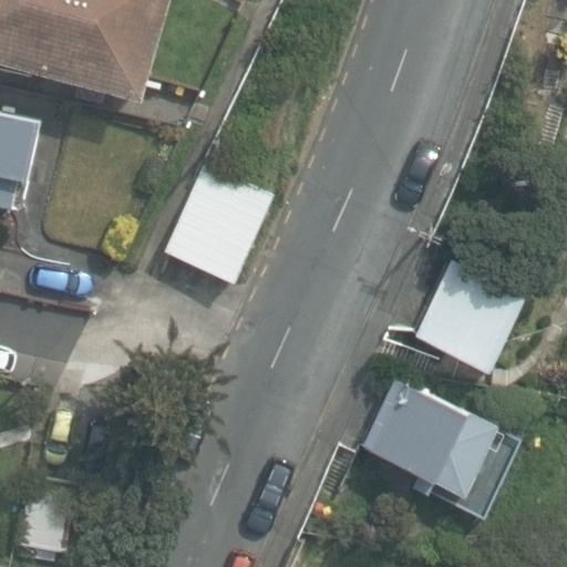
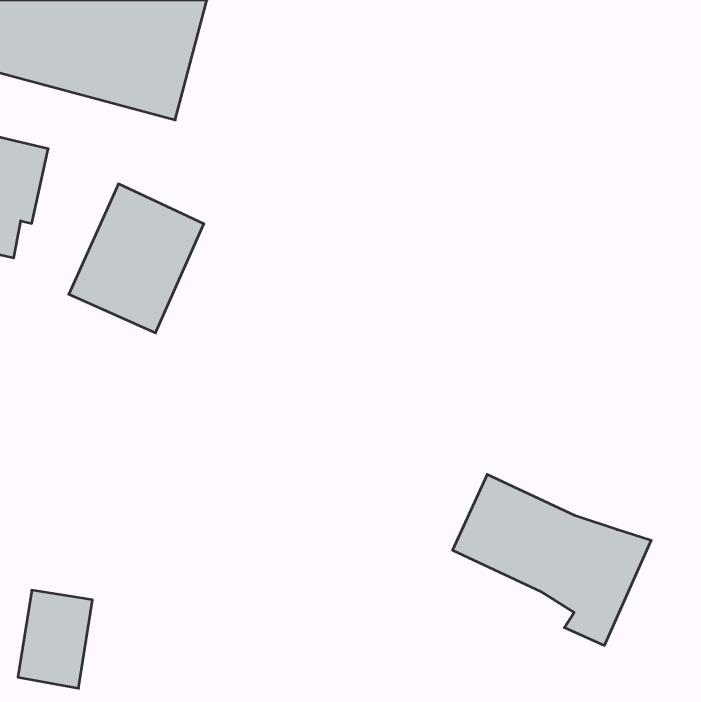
building: [164,163,272,282] -> [69,184,204,333]
building: [414,259,525,370] -> none

